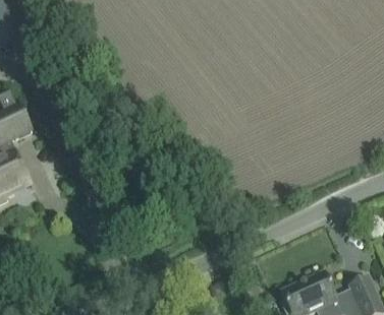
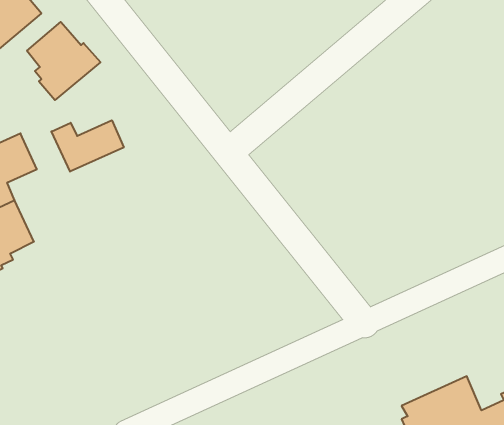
building: none -> [27,22,100,100]
building: none -> [51,120,124,172]

